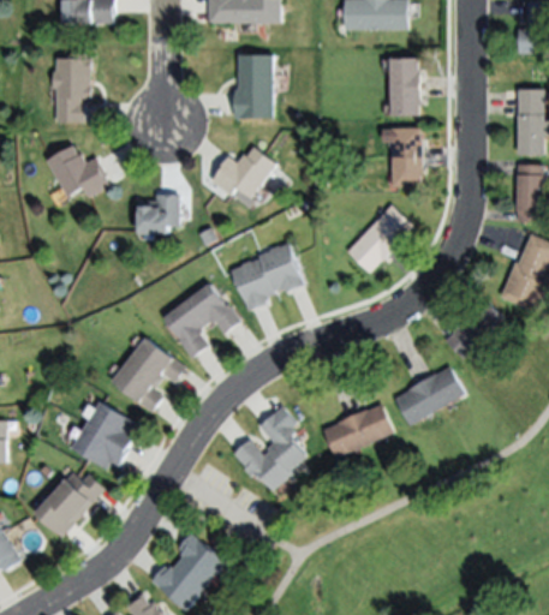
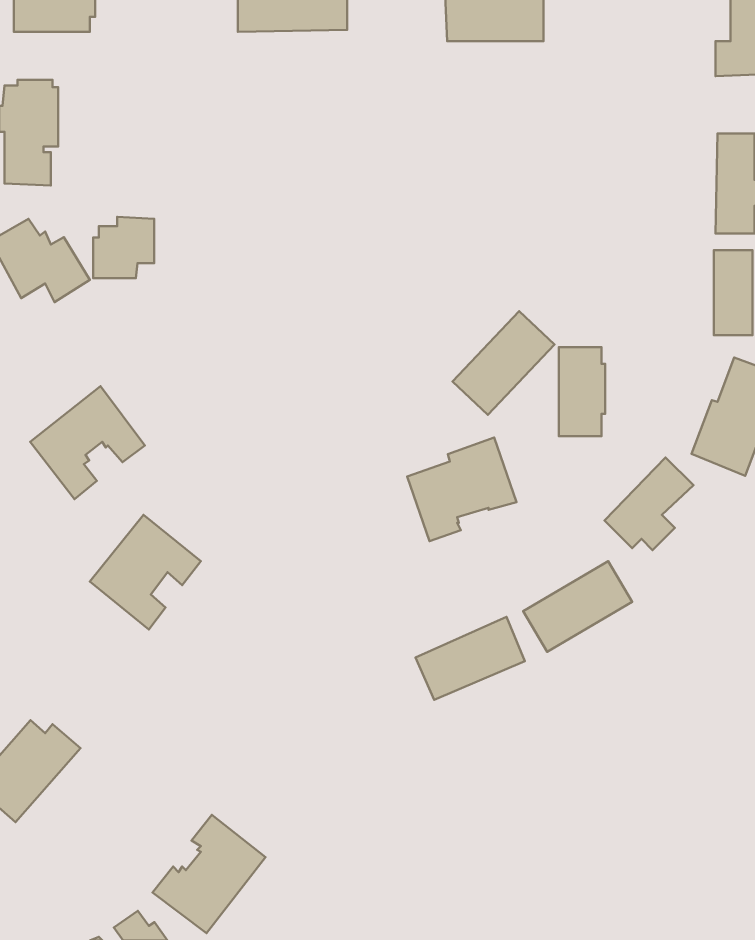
building: [232,54,271,119] -> none
building: [389,59,417,115] -> none
building: [390,129,420,186] -> [559,347,605,436]
building: [210,145,275,198] -> none
building: [138,195,178,234] -> [93,217,154,278]
building: [231,244,302,311] -> [407,438,516,541]
building: [162,283,237,357] -> [30,386,145,499]
building: [71,401,135,468] -> none
building: [232,413,306,492] -> none

